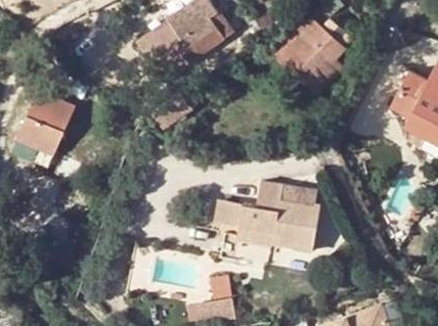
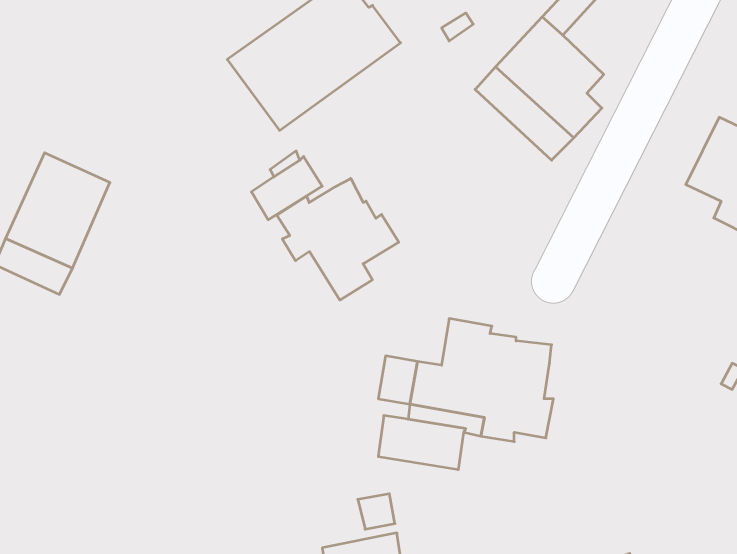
building: none -> [277,178,399,300]

